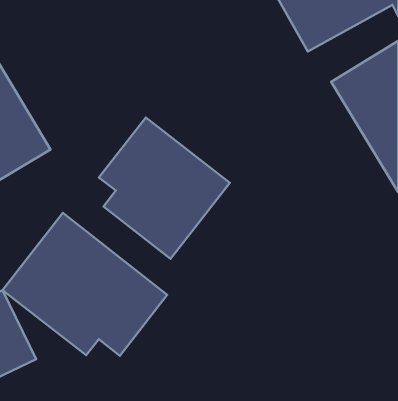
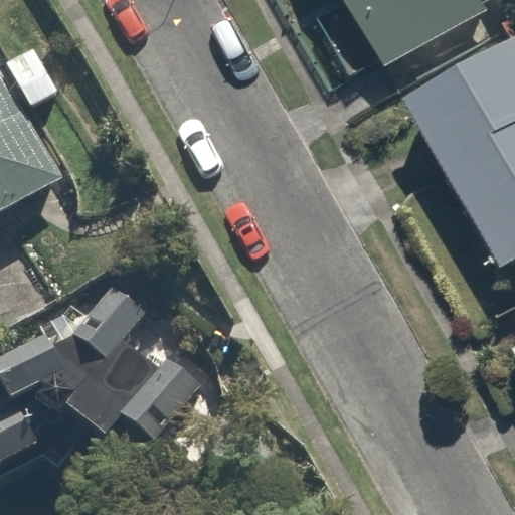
building: [99,118,230,259] -> none

